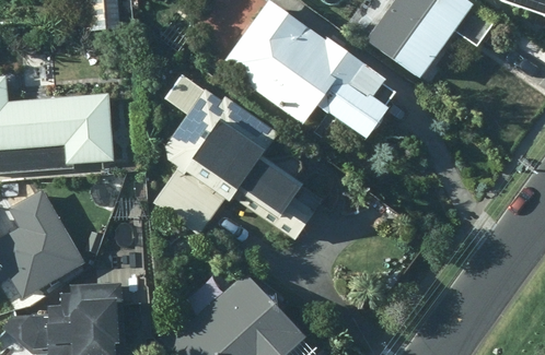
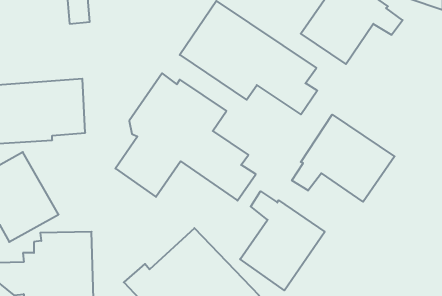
building: none -> [292,115,395,202]
building: none -> [240,191,325,290]

